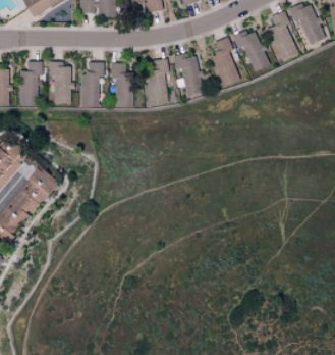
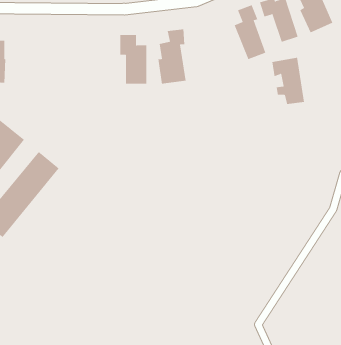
building: [173,53,203,95] -> [271,57,305,105]
building: [18,61,42,106] -> none
building: [48,62,72,103] -> none
building: [79,62,104,107] -> none

